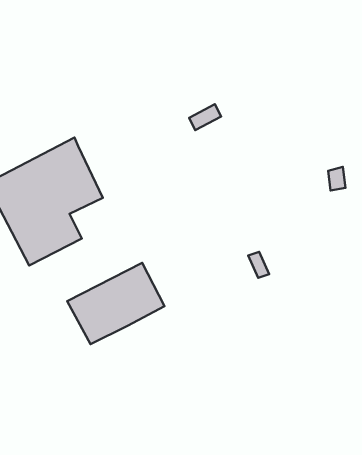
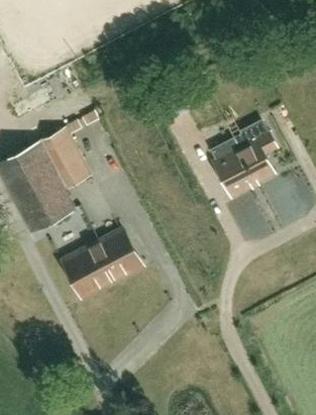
building: none -> [210,131,277,198]

